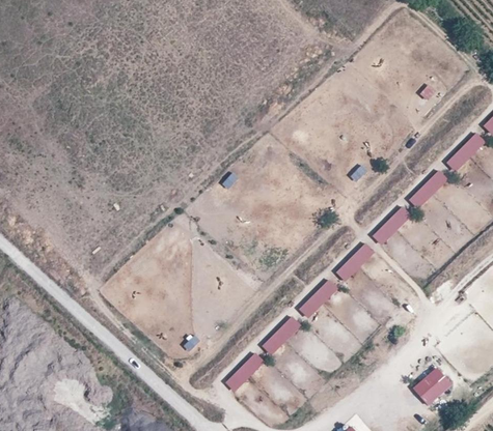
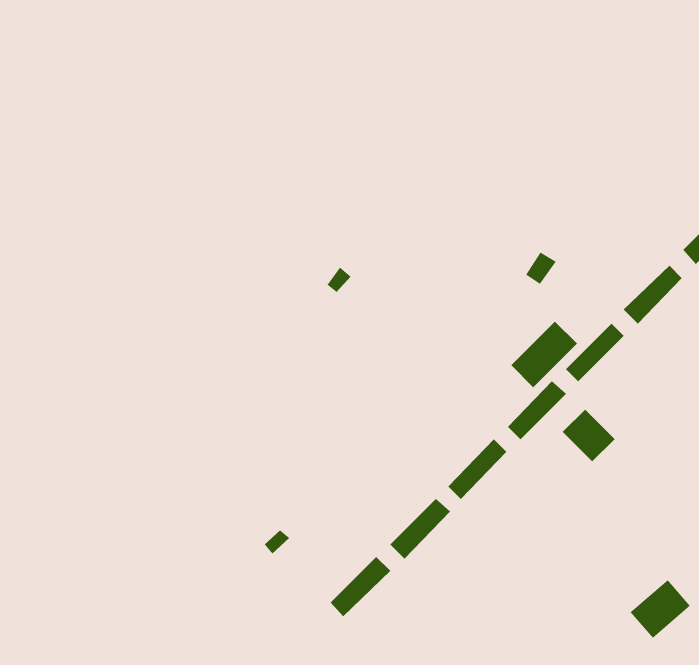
building: none -> [510,321,578,388]
building: none -> [562,409,616,462]

